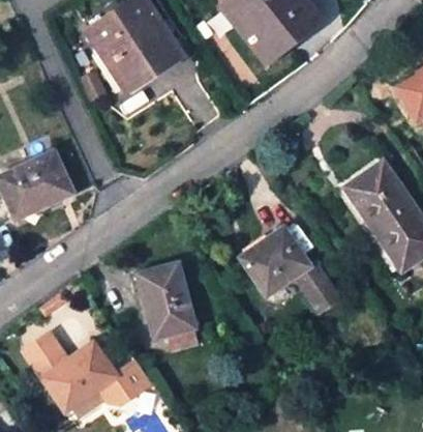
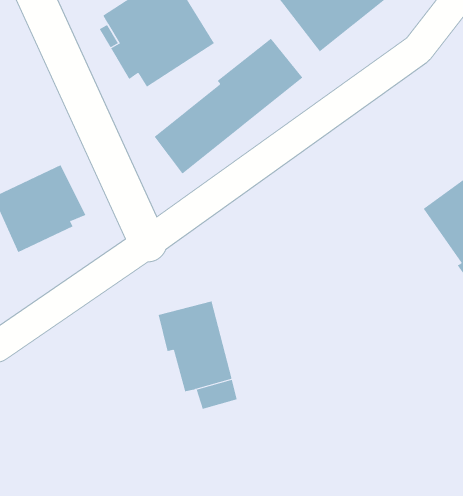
building: none -> [154,38,303,175]
building: [239,226,337,310] -> none
building: [24,336,153,410] -> none

